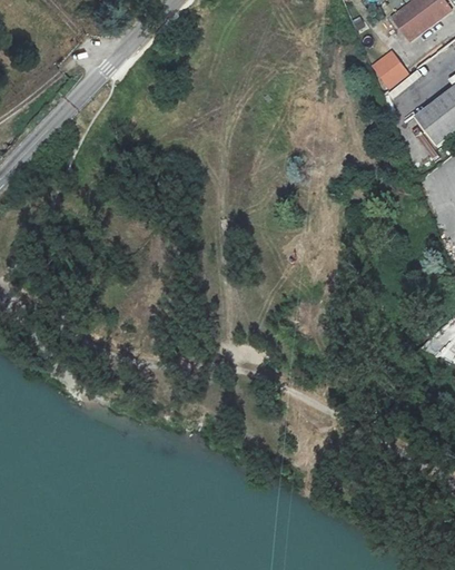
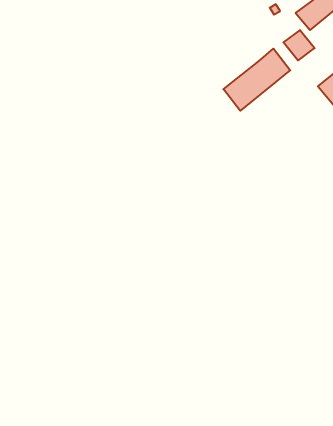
building: none -> [223,49,290,111]

